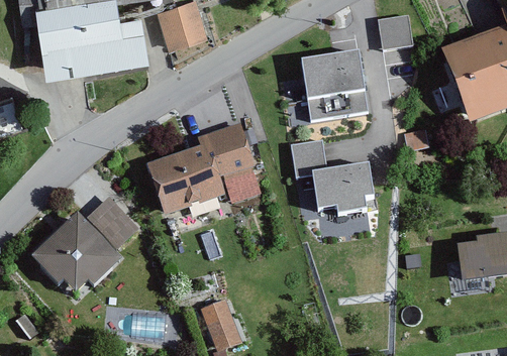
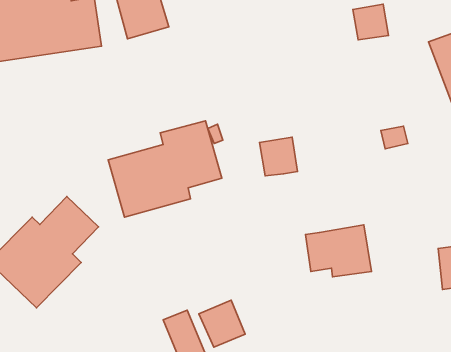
building: [303,52,366,119] -> none
building: [313,164,375,213] -> [306,225,372,277]
building: none -> [199,300,245,347]

